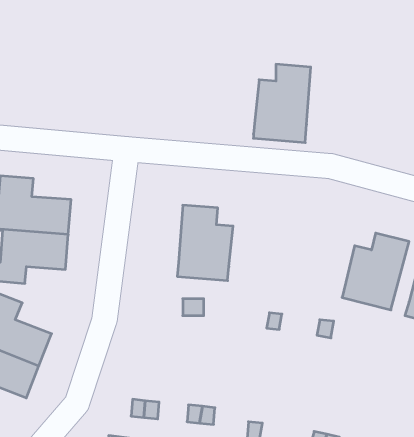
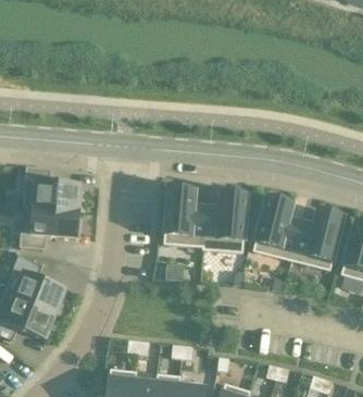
building: [253,64,311,143] -> [202,193,247,253]
building: none -> [252,197,301,260]

